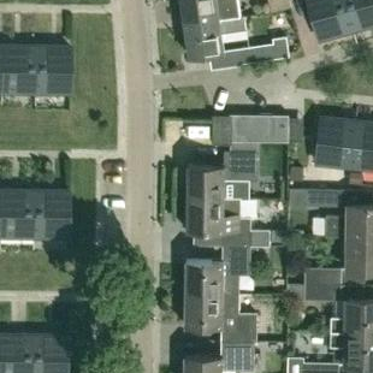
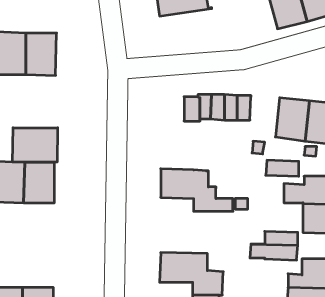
building: [184,17,288,69] -> none
building: none -> [13,128,58,162]
building: [185,153,254,200] -> none
building: [185,247,248,295] -> none

